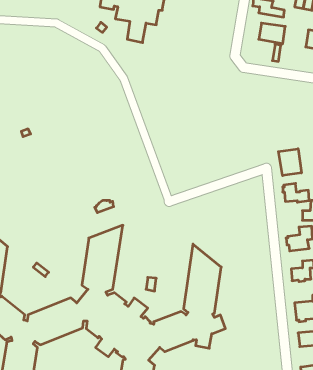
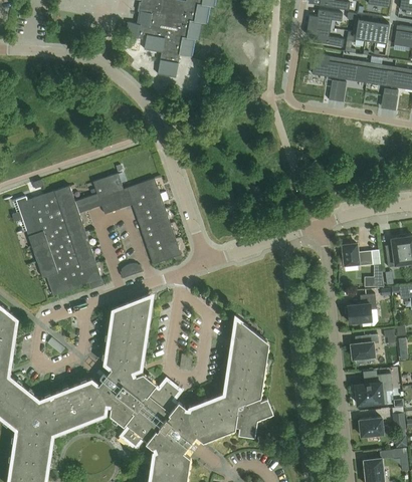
building: none -> [341,59,371,83]
building: none -> [17,174,182,295]
building: [278,149,301,176] -> none

